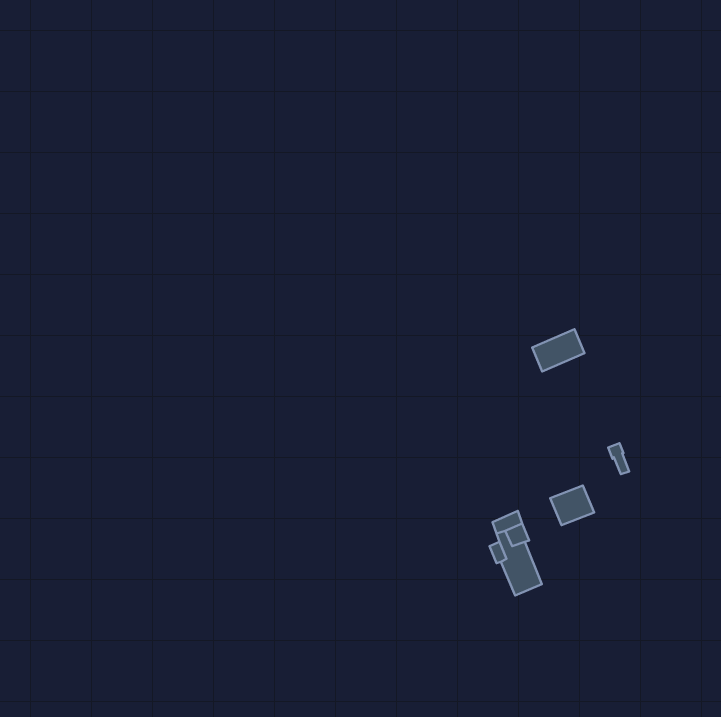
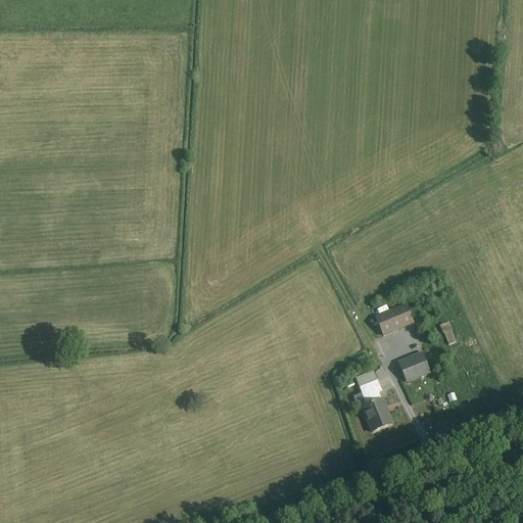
building: [532,329,585,372] -> [376,303,414,334]

